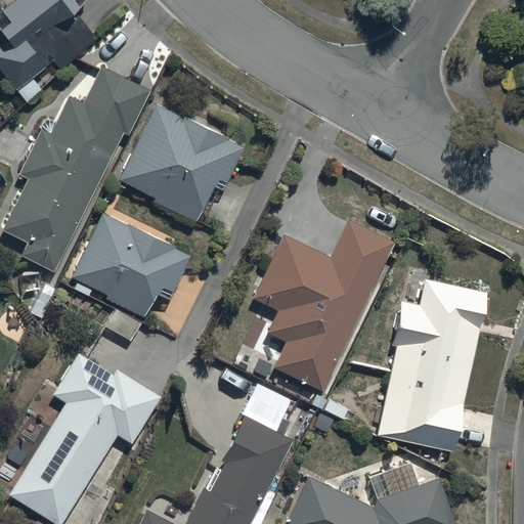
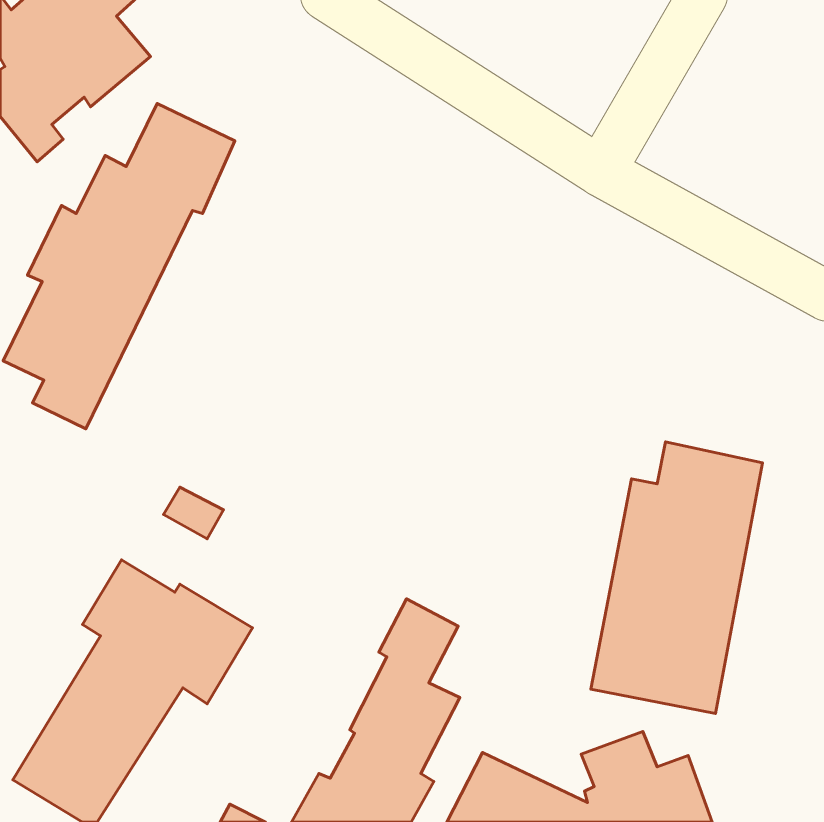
building: [120,104,247,222] -> none
building: [73,215,190,318] -> none
building: [253,220,394,391] -> none

